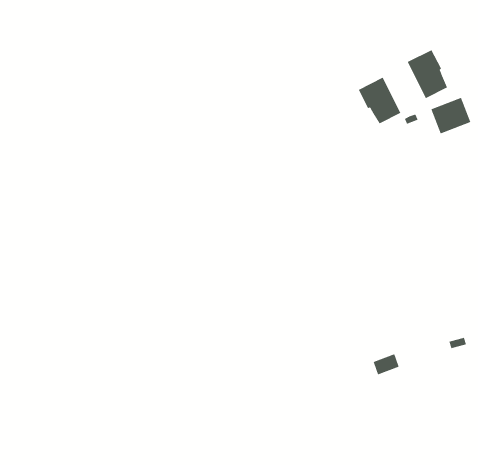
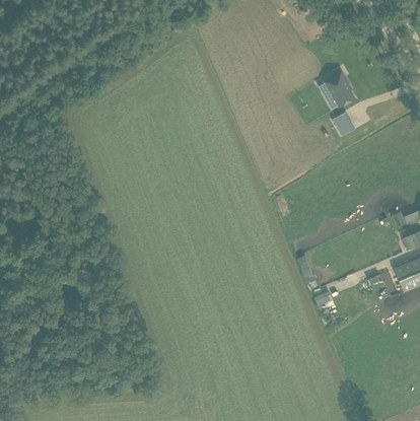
building: [358,77,401,124] -> none

